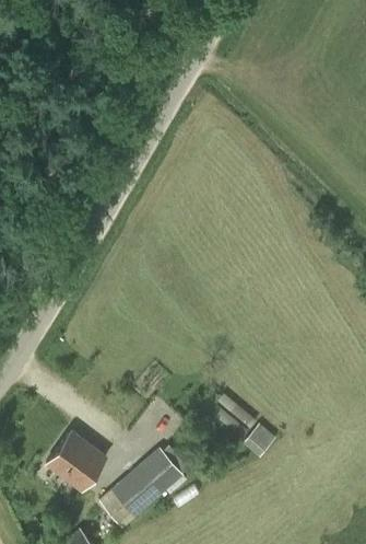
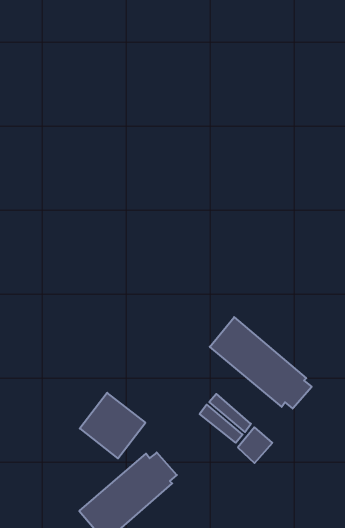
building: none -> [210,317,312,409]
building: [47,431,107,491] -> [80,393,145,458]

